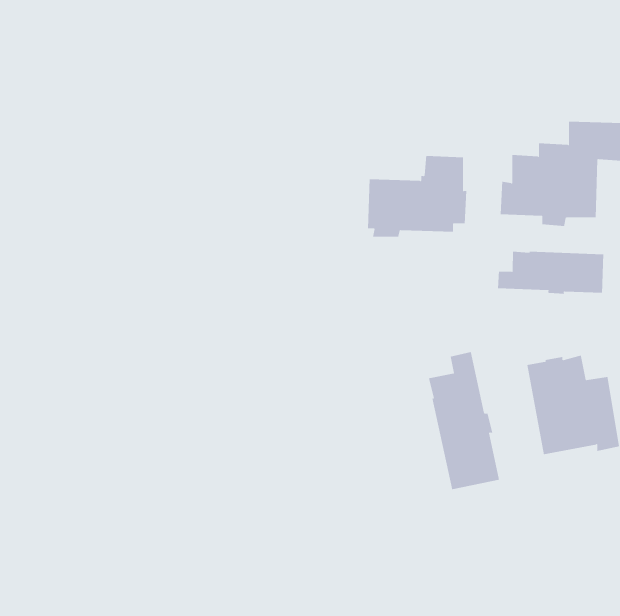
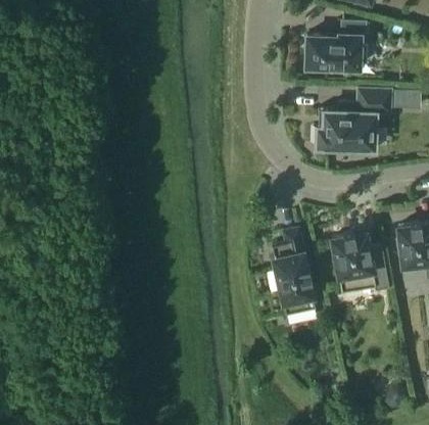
building: [367,156,467,237] -> [305,21,367,72]
building: [497,251,604,295] -> none

